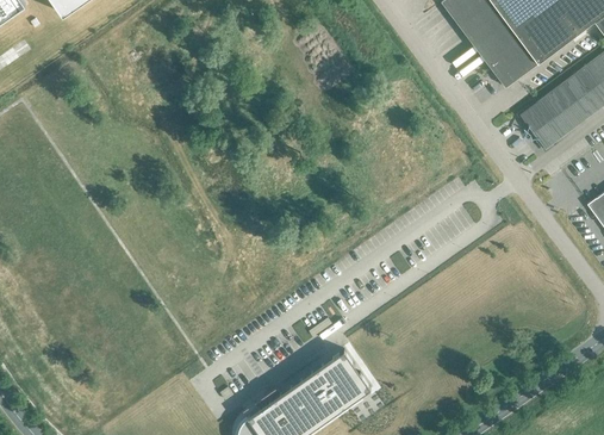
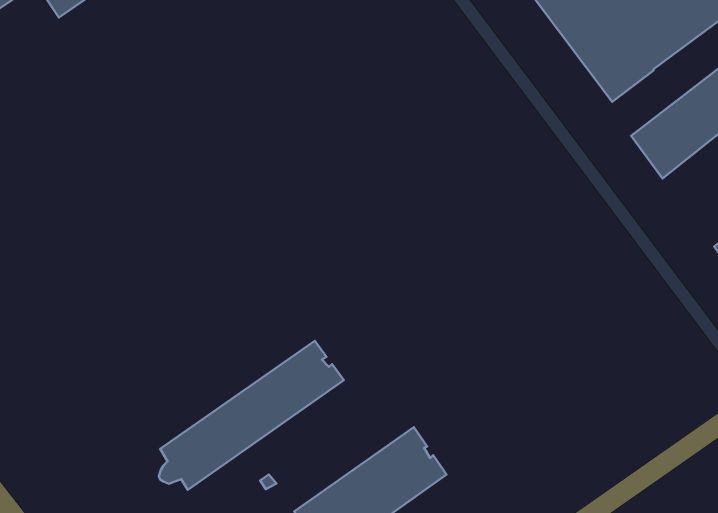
building: none -> [159,341,344,490]

